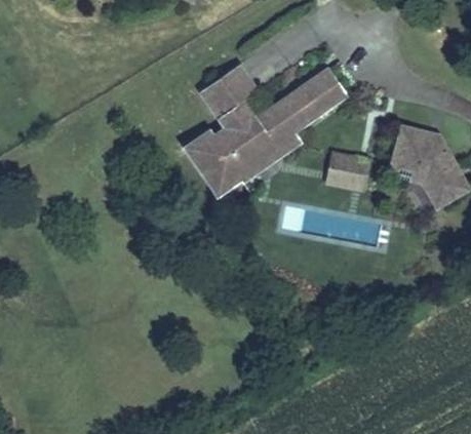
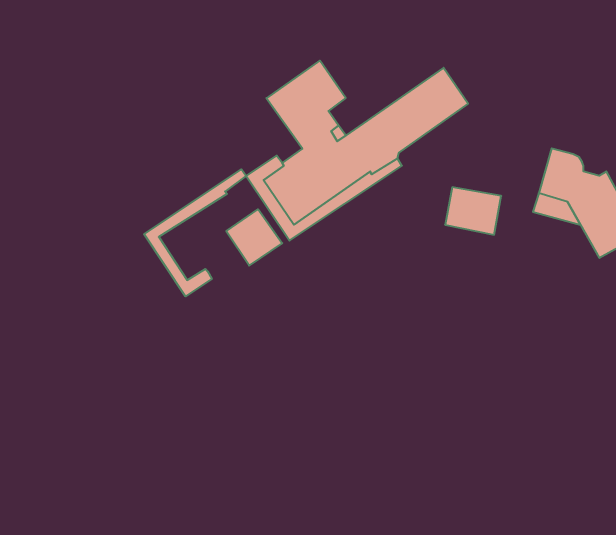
building: none -> [144,169,246,296]
building: none -> [226,209,282,266]

